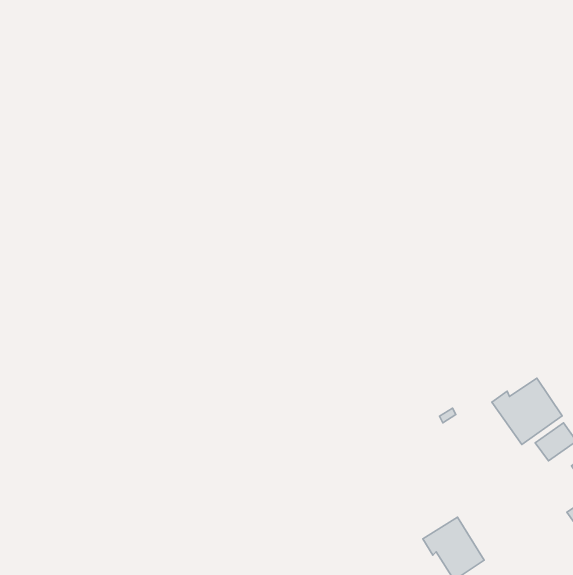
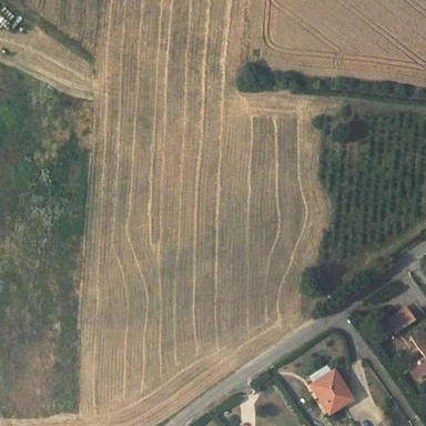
building: [492,378,562,445] -> none

